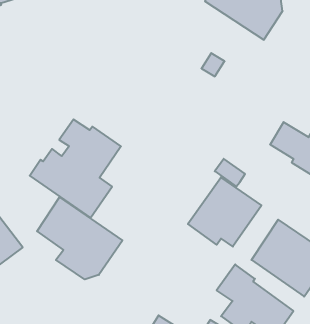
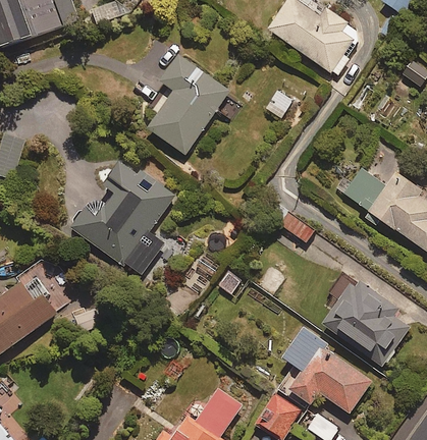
building: none -> [148,64,228,154]
building: [188,177,261,247] -> none
building: [37,197,122,279] -> none

